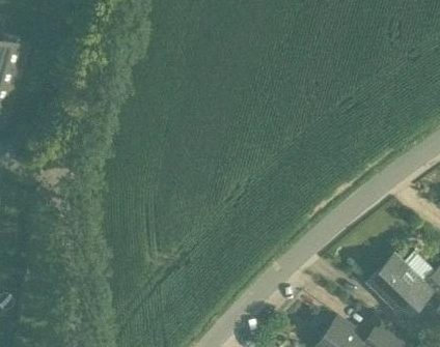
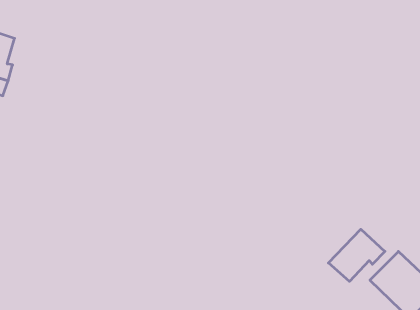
building: none -> [328,229,385,281]

